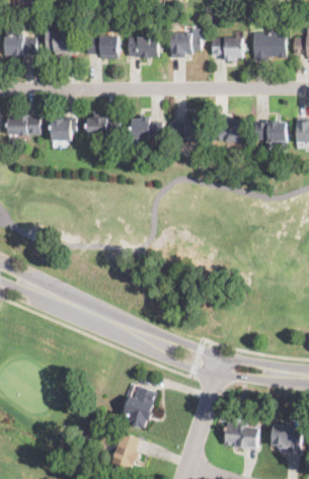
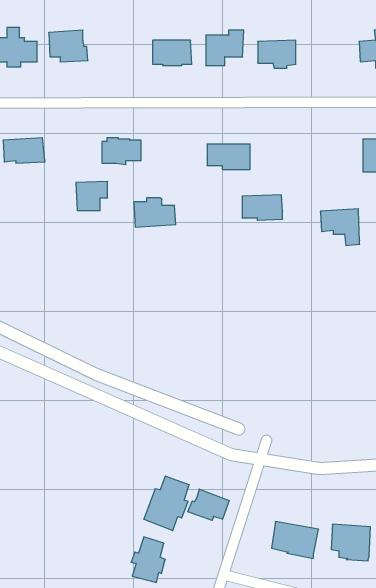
building: [252,32,286,61] -> none
building: [85,35,118,59] -> none
building: [131,116,164,140] -> [134,198,176,227]
building: [51,117,76,141] -> [76,181,108,211]
building: [255,122,287,151] -> [320,209,360,245]
building: [212,123,244,143] -> [242,195,283,220]
building: none -> [188,489,229,520]

